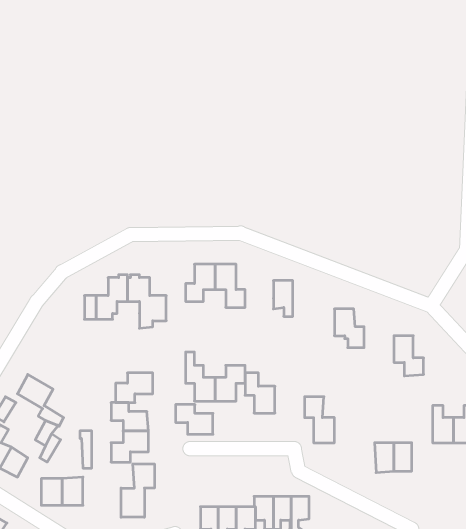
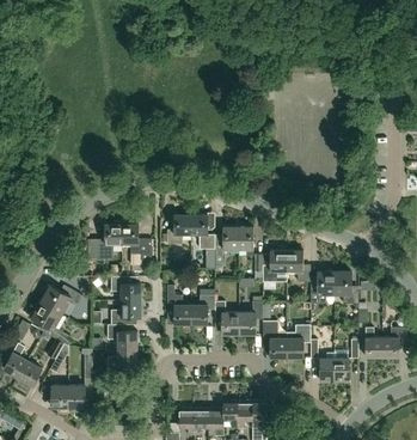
building: none -> [215,227,238,271]
building: none -> [263,250,287,282]
building: none -> [311,271,335,304]
building: none -> [41,286,82,314]
building: none -> [239,301,263,334]
building: none -> [287,324,311,358]
building: [176,405,213,434] -> [111,277,141,301]
building: [121,464,154,517] -> none

